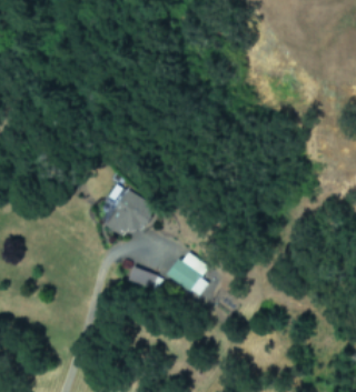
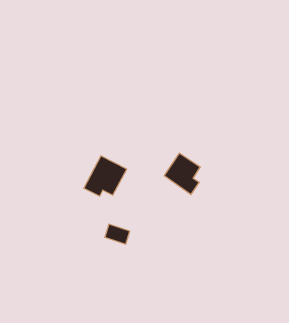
building: [167,250,207,295] -> [164,153,200,194]

